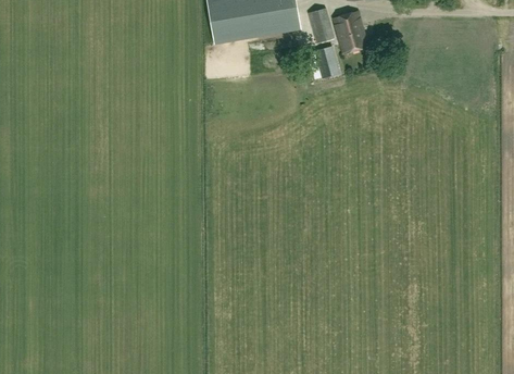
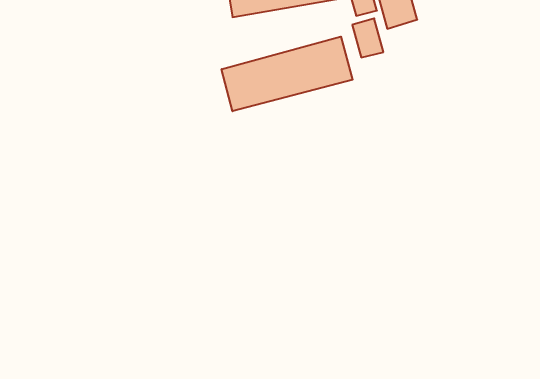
building: none -> [222,37,353,111]

